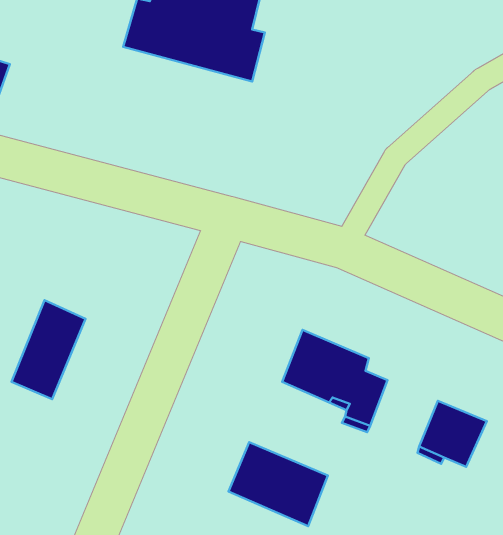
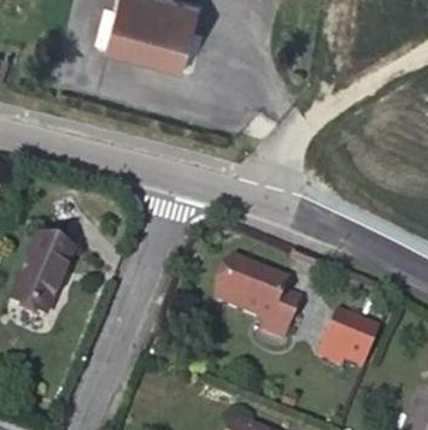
building: [229,442,328,526] -> none

